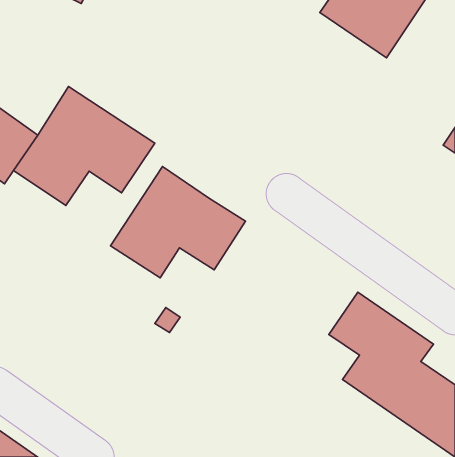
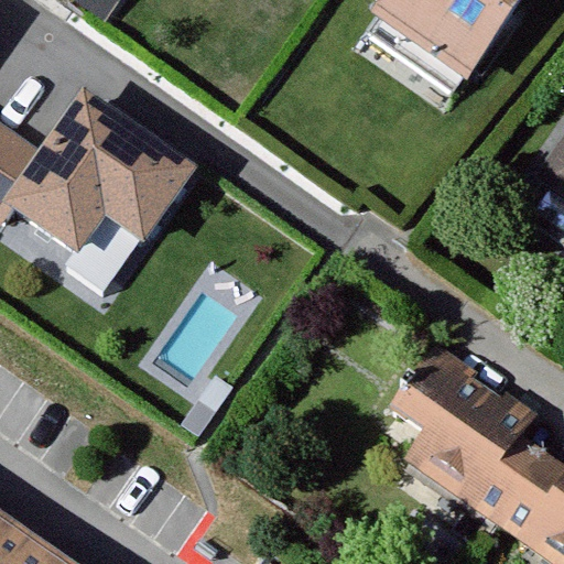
building: [111,167,245,278] -> none

